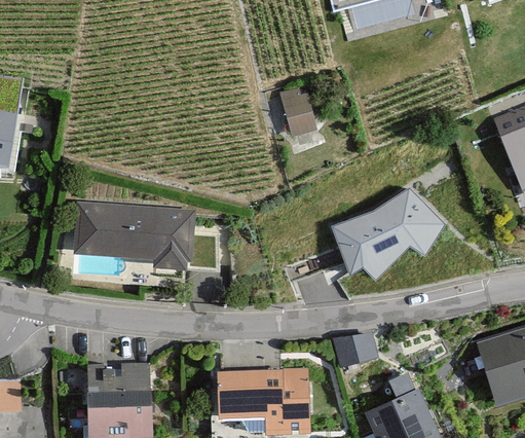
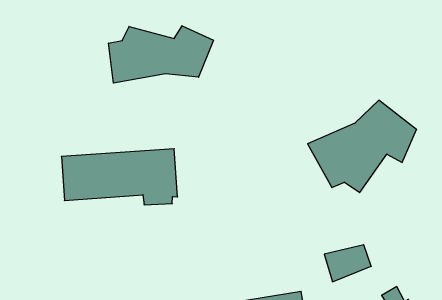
building: none -> [109,26,214,83]
building: [278,90,320,138] -> none

